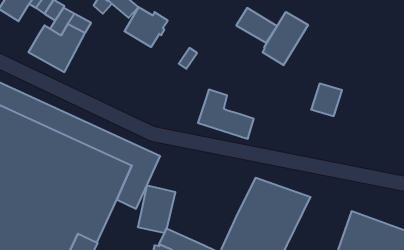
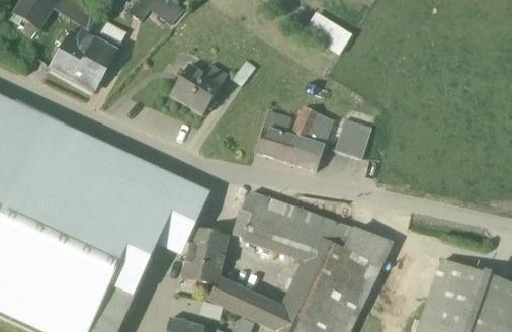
building: [124,7,168,47] -> [170,65,223,113]
building: [263,12,308,65] -> none
building: [311,84,342,116] -> [334,118,371,158]
building: none -> [290,106,331,140]
building: none -> [236,191,325,260]

